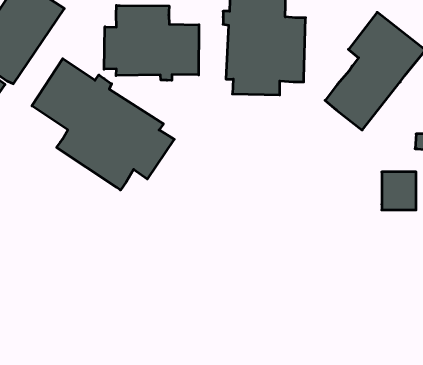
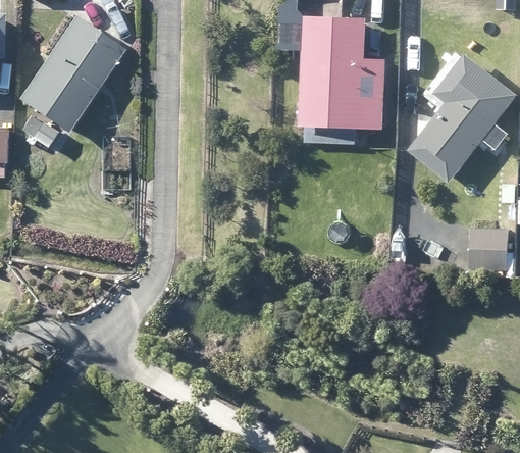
building: [104,5,199,80] -> none
building: [32,59,174,190] -> none

